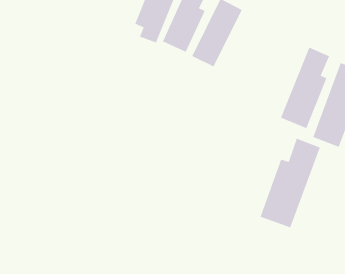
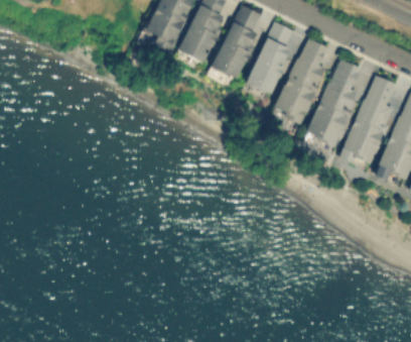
building: none -> [246,21,297,96]
building: none -> [272,38,328,127]
building: [260,138,320,228] -> none

